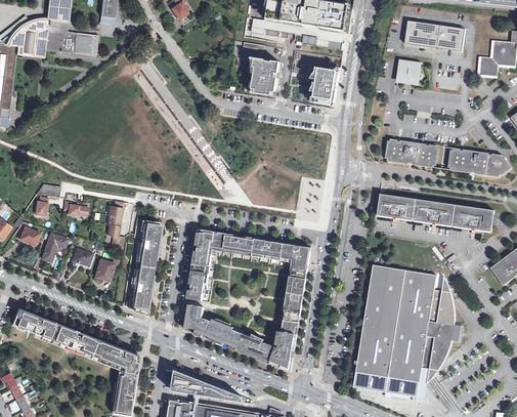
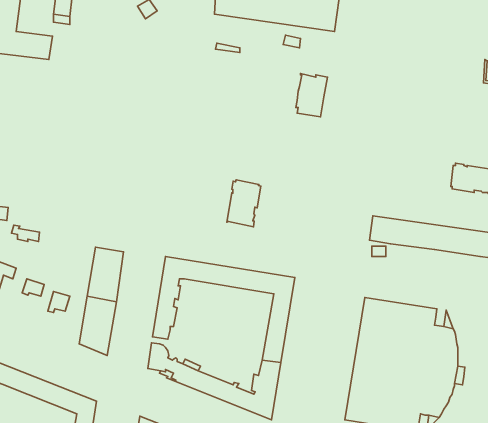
building: [407,19,466,51] -> none
building: [250,57,278,95] -> none
building: [395,57,423,85] -> none
building: [385,137,438,166] -> none
building: none -> [227,180,261,227]
building: [107,200,124,248] -> none

